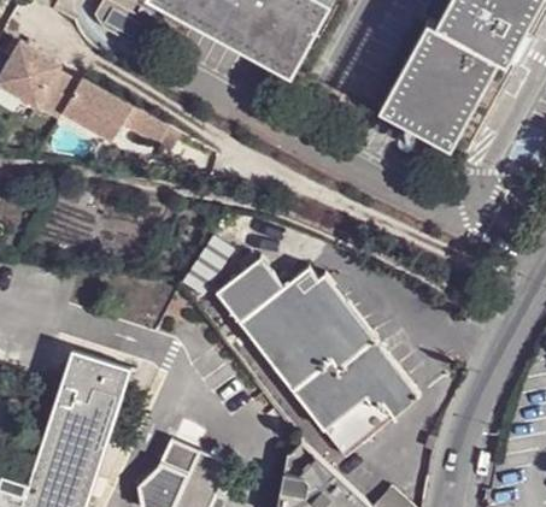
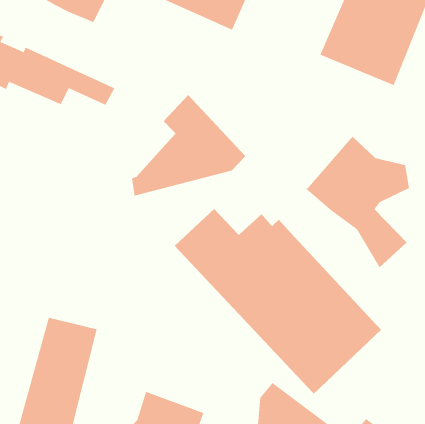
building: none -> [132,94,246,197]
building: none -> [306,136,410,268]

